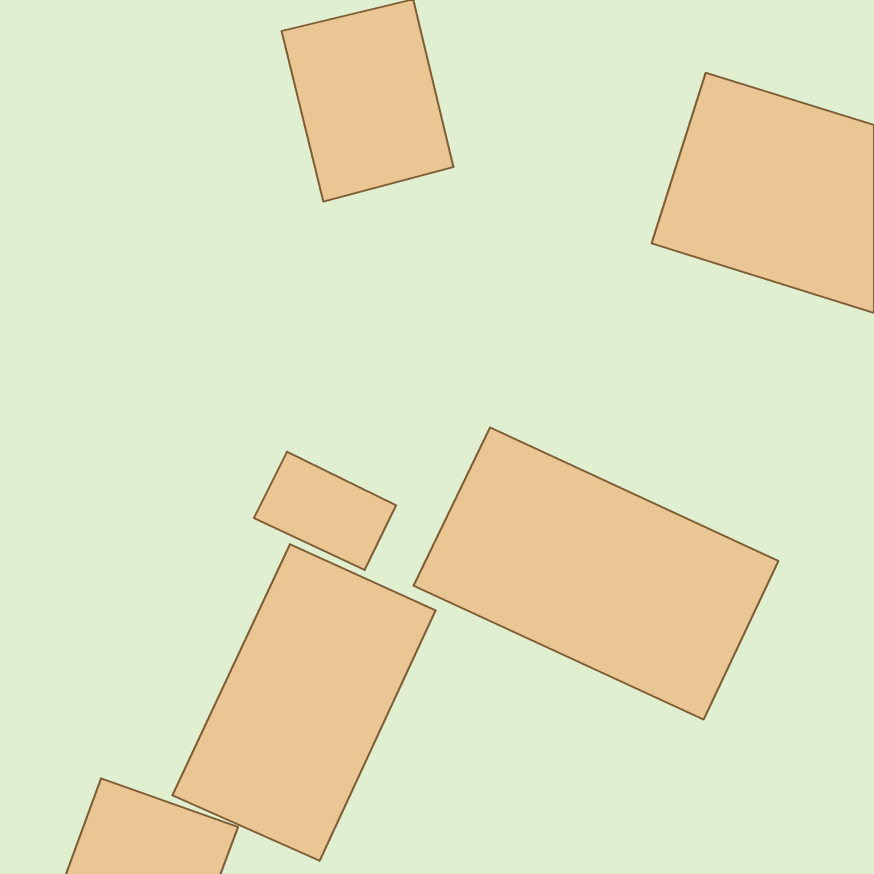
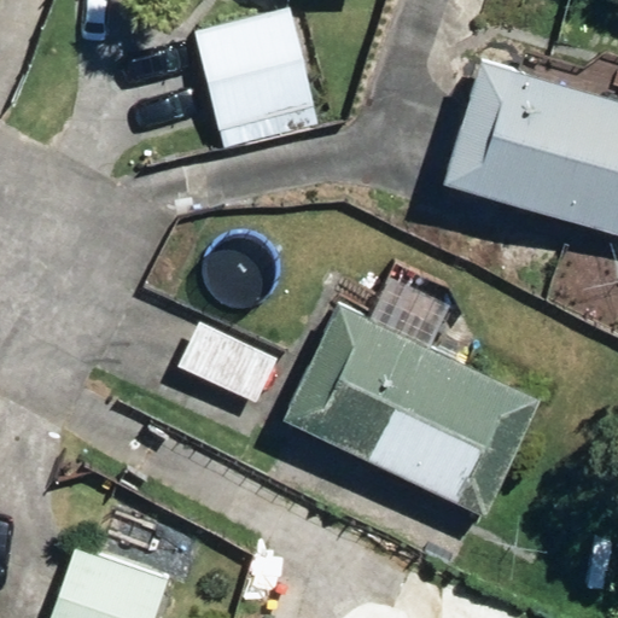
building: [173,544,436,861] -> none

